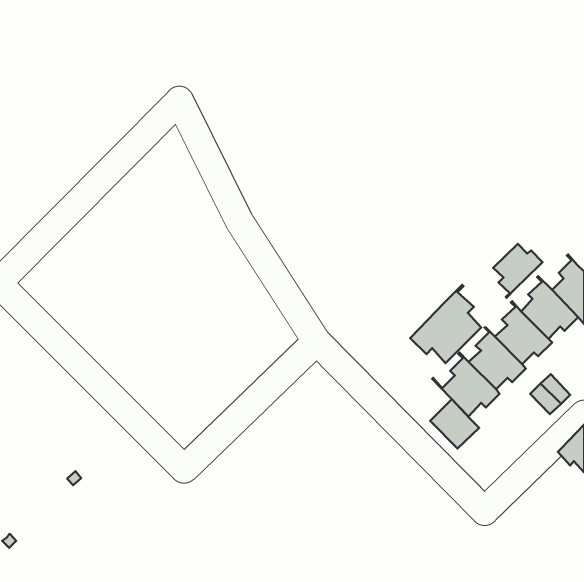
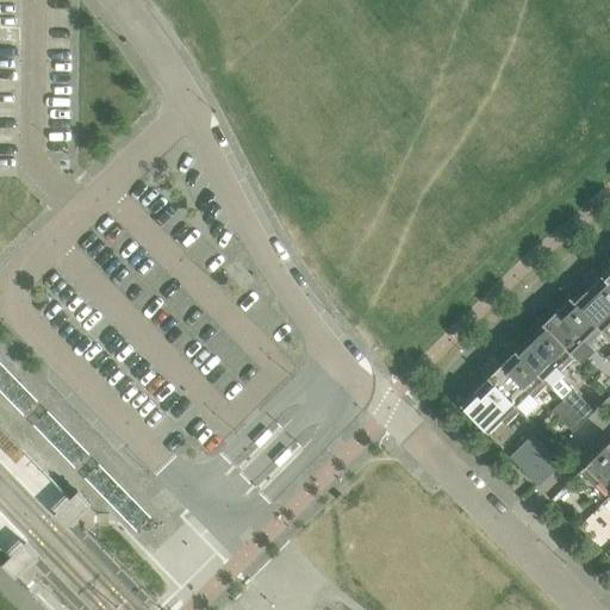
building: [493,244,542,298] -> none
building: [410,285,481,363] -> none
building: [430,399,479,448] -> [510,436,561,487]

